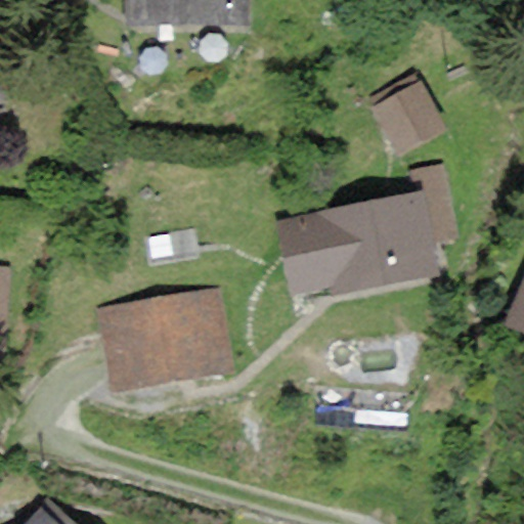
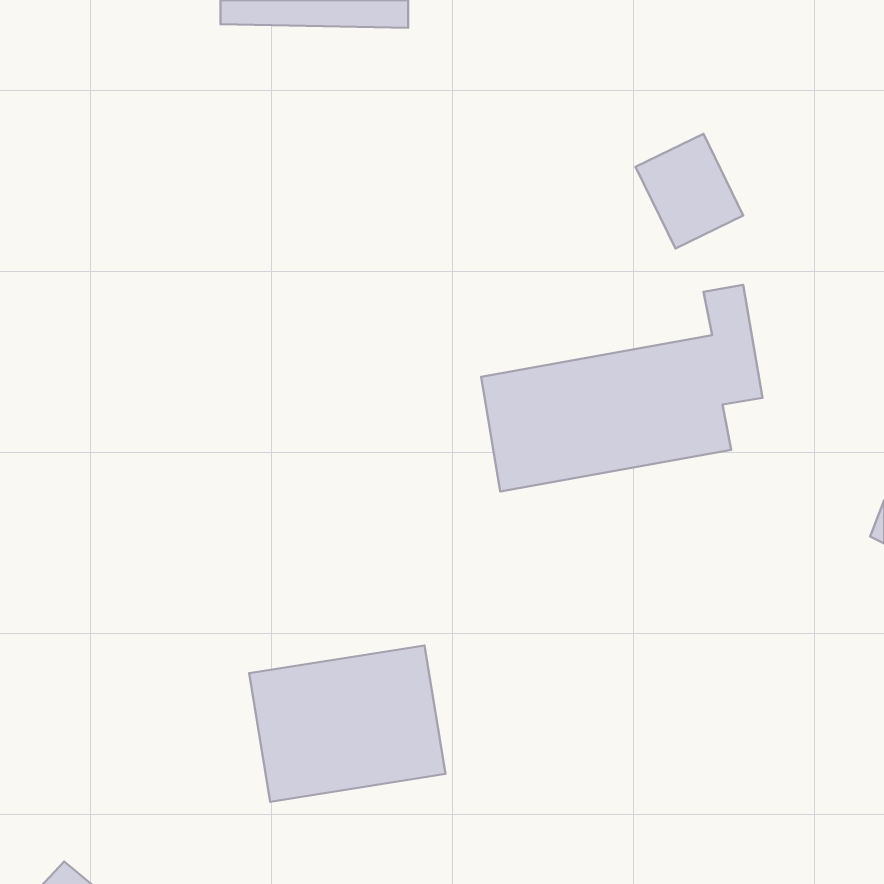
building: [105,295,221,387] -> [249,645,445,802]

